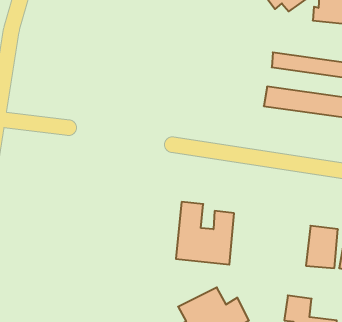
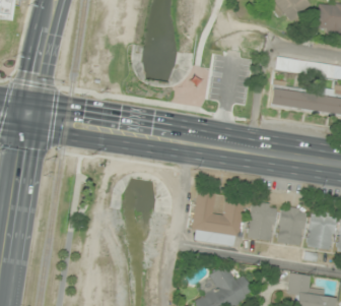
building: none -> [249,202,277,240]
building: none -> [279,206,308,239]

